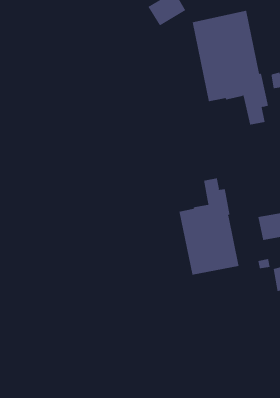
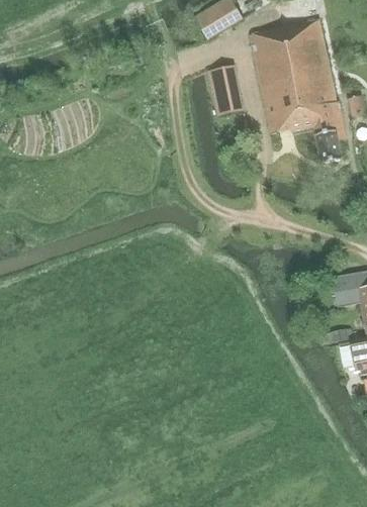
building: none -> [207,65,244,116]
building: [179,177,239,275] -> none

